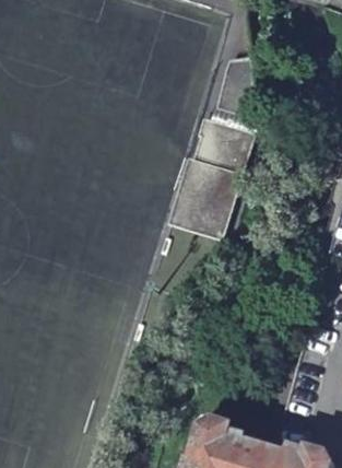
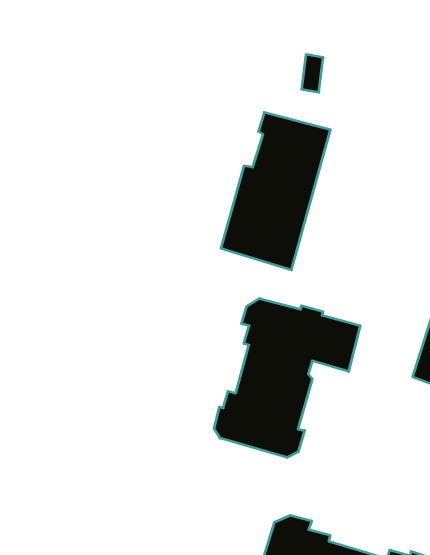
building: none -> [214,298,360,458]

